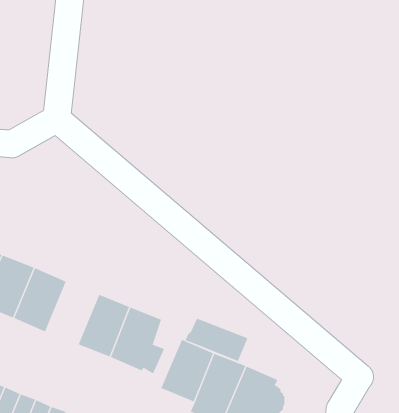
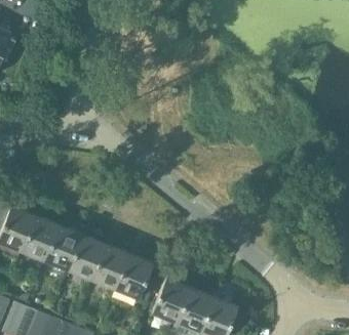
building: none -> [67,235,106,281]
building: [185,318,248,362] -> none

